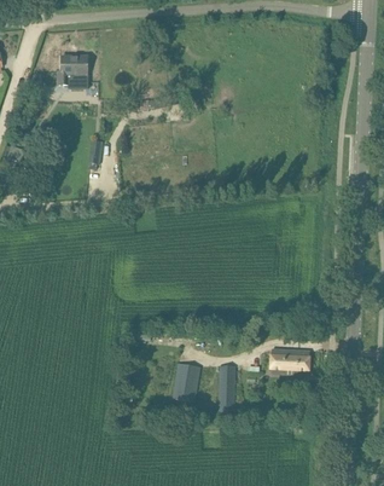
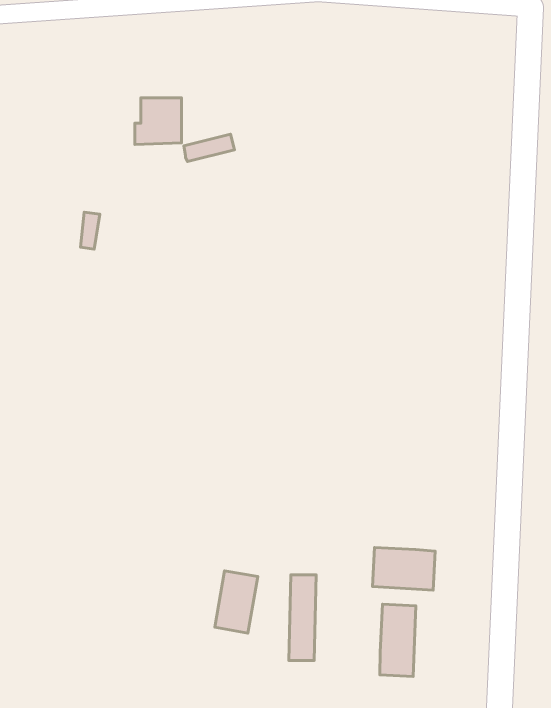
building: [58,56,87,85] -> [135,98,182,145]
building: none -> [380,604,416,677]

